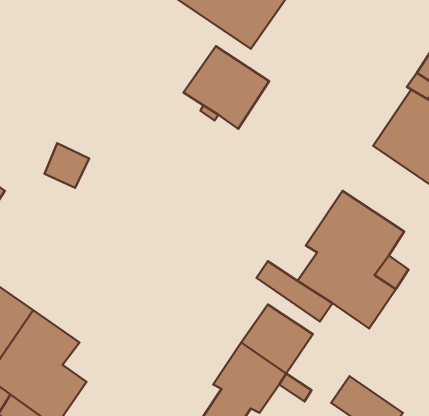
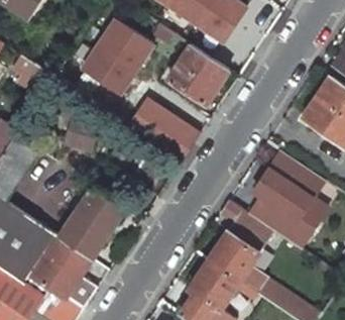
building: none -> [74,17,148,98]
building: none -> [128,99,200,161]
building: none -> [60,185,127,258]

